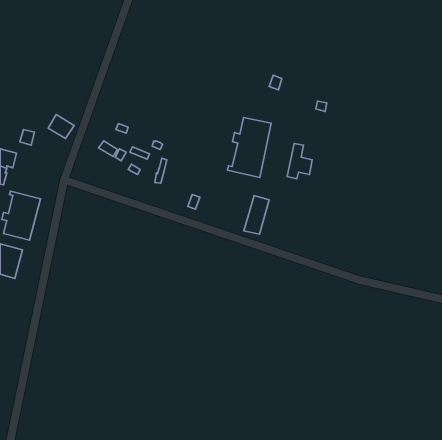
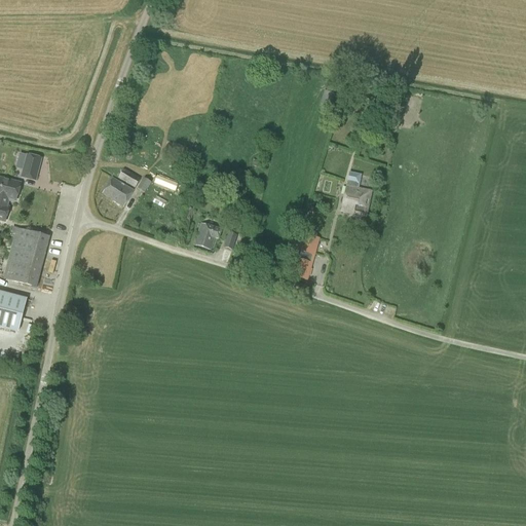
building: [48,114,74,139] -> [103,177,134,205]
building: [227,117,271,177] -> none
building: none -> [194,222,221,249]

